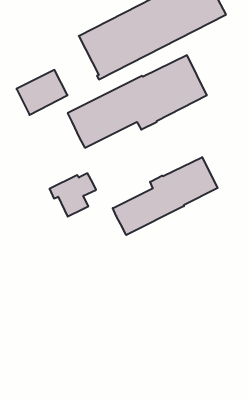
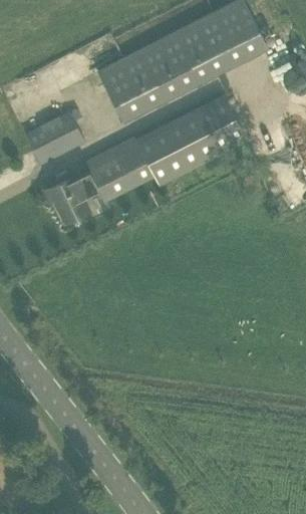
building: [113,157,218,235] -> none
building: [49,173,96,217] -> [44,175,98,225]

